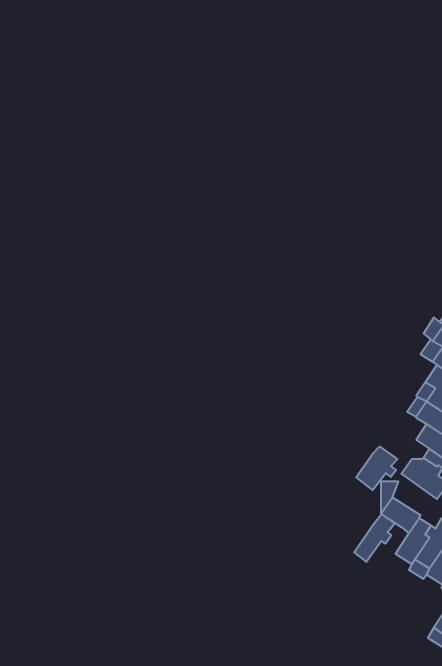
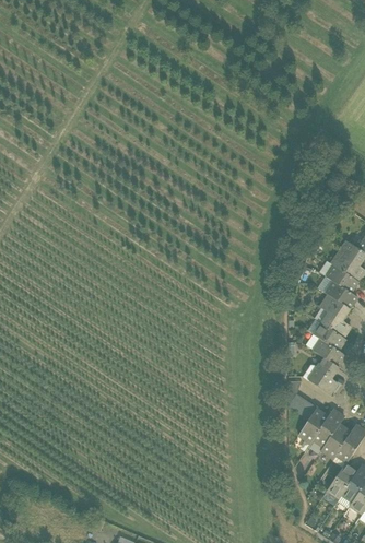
building: [356,447,397,490] -> none
building: [354,514,395,562] -> none

